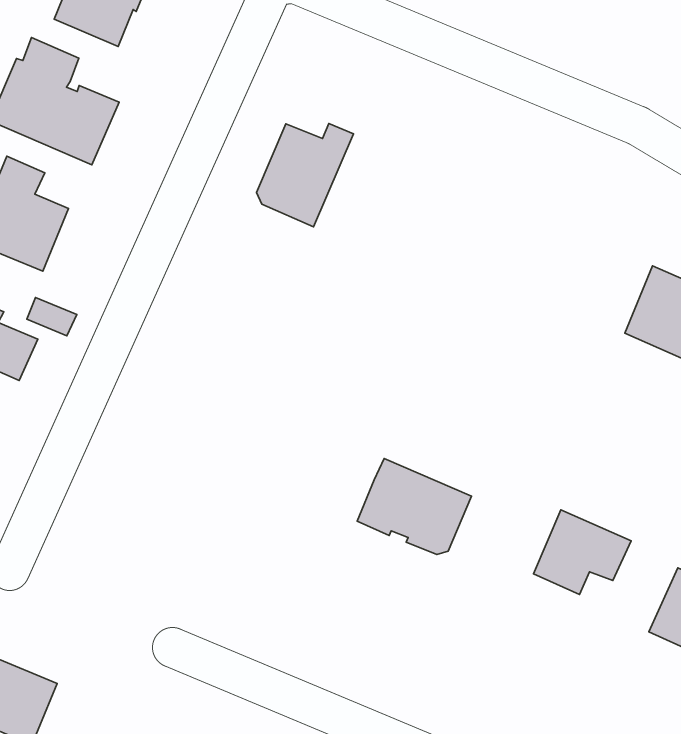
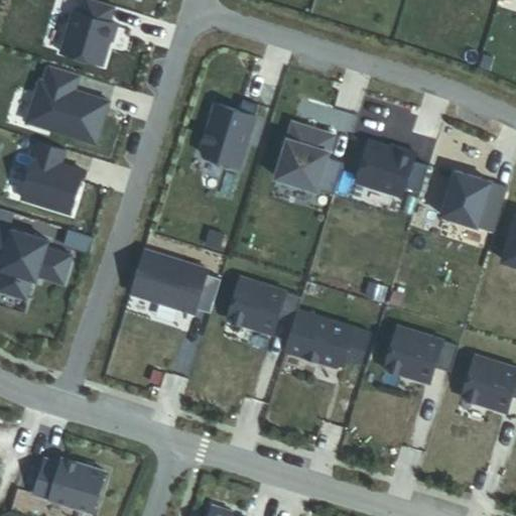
building: none -> [275,123,343,195]
building: none -> [355,142,428,197]
building: none -> [130,251,221,313]
building: none -> [242,282,301,335]

